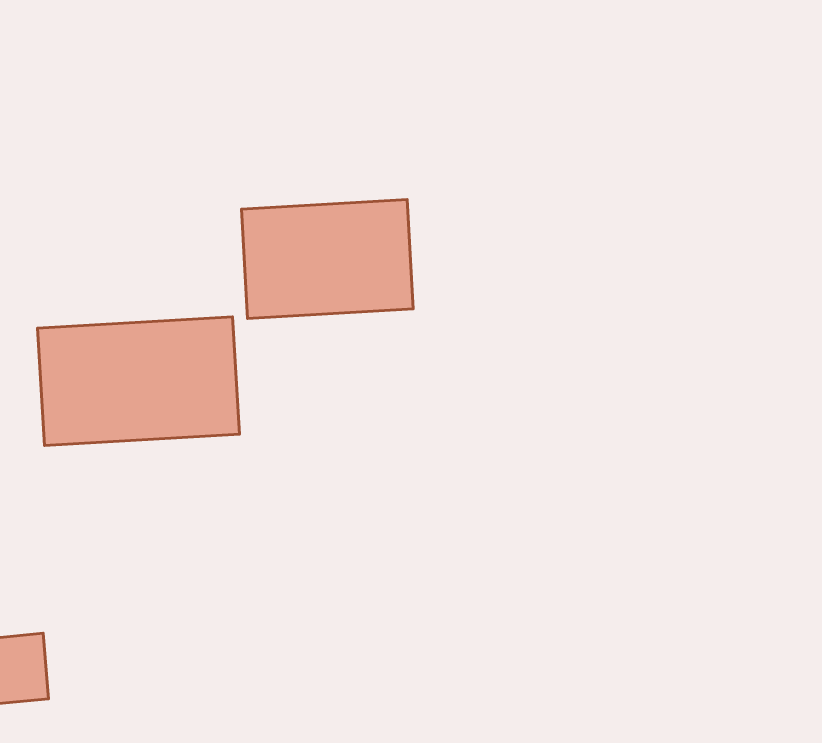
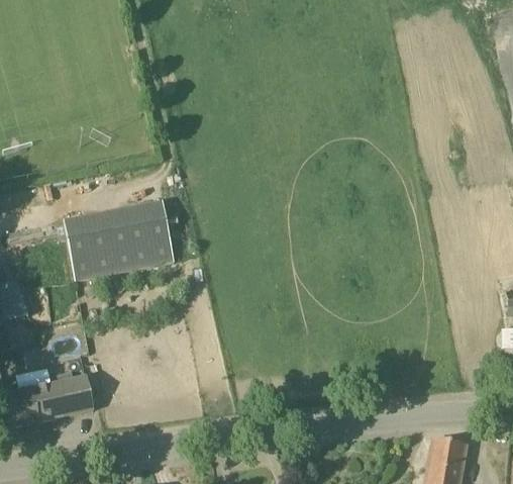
building: [241,199,413,318] -> none

